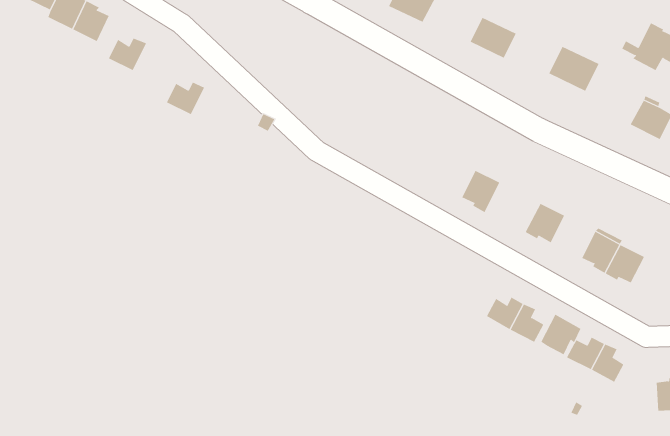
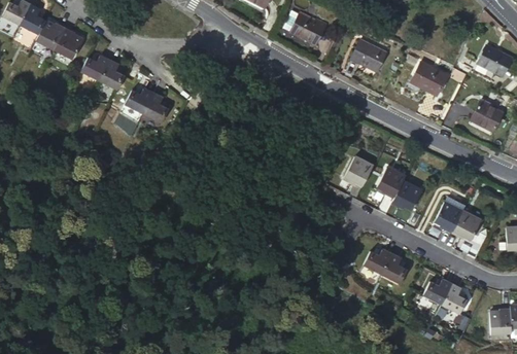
building: none -> [100,60,125,90]
building: none -> [143,93,169,122]
building: none -> [378,165,406,197]
building: [540,314,581,355] -> none

